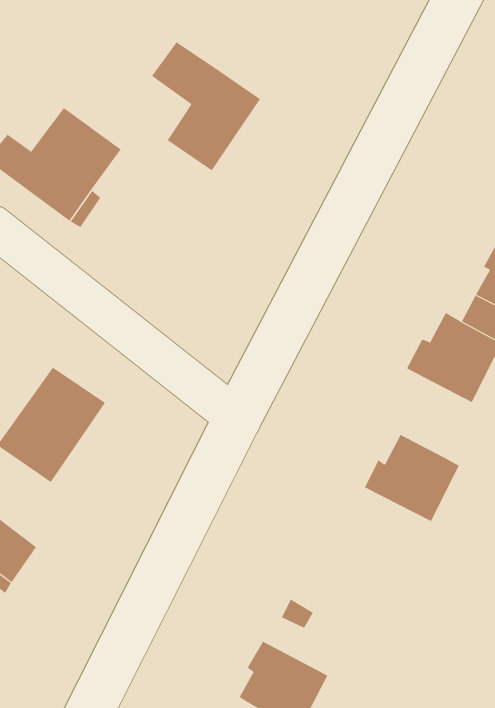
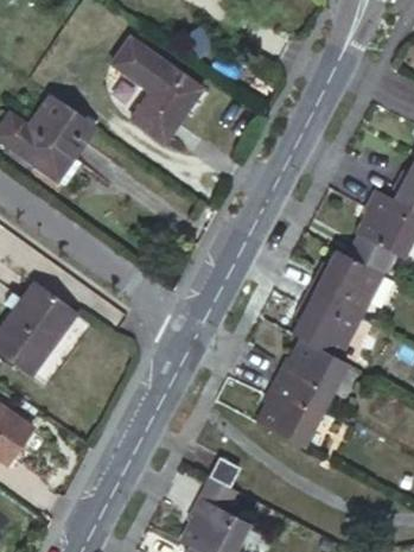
building: none -> [294,290,358,357]
building: none -> [261,380,327,448]

